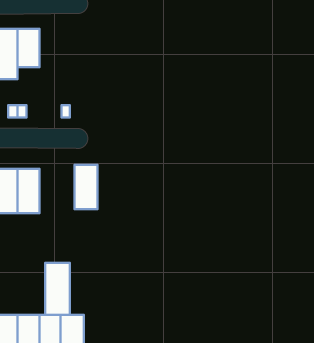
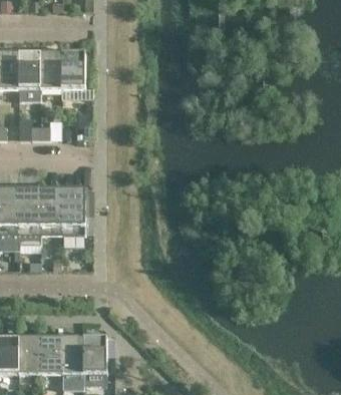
building: none -> [61,51,84,89]
building: [74,165,98,209] -> [61,190,84,235]
building: [45,263,70,315] -> none

